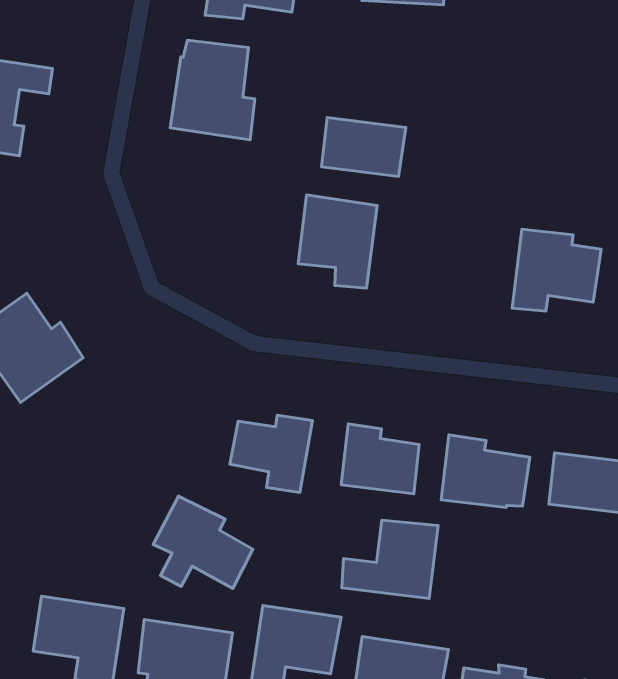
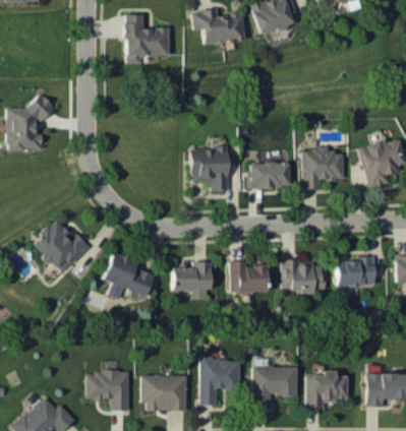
building: [170,40,255,140] -> none
building: [322,118,406,176] -> [248,162,289,188]
building: [153,496,253,588] -> [103,253,154,299]
building: [342,520,438,599] -> none

